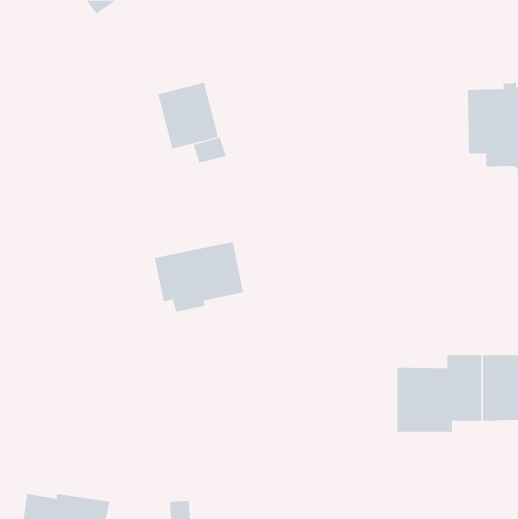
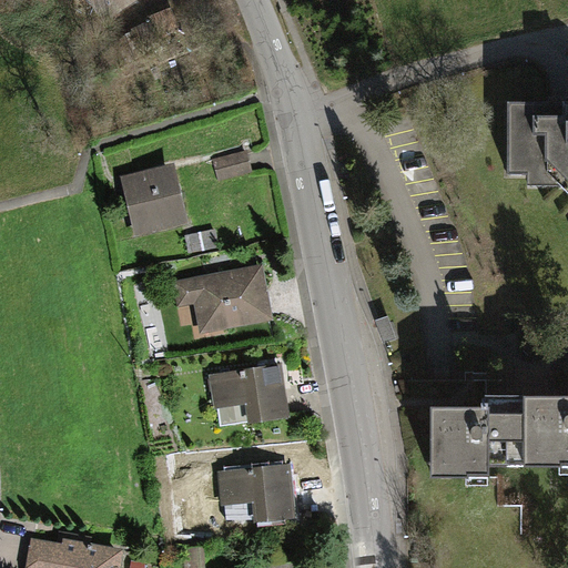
building: [158,82,219,149] -> [130,163,196,236]
building: none -> [209,364,286,428]
building: none -> [215,464,293,527]

